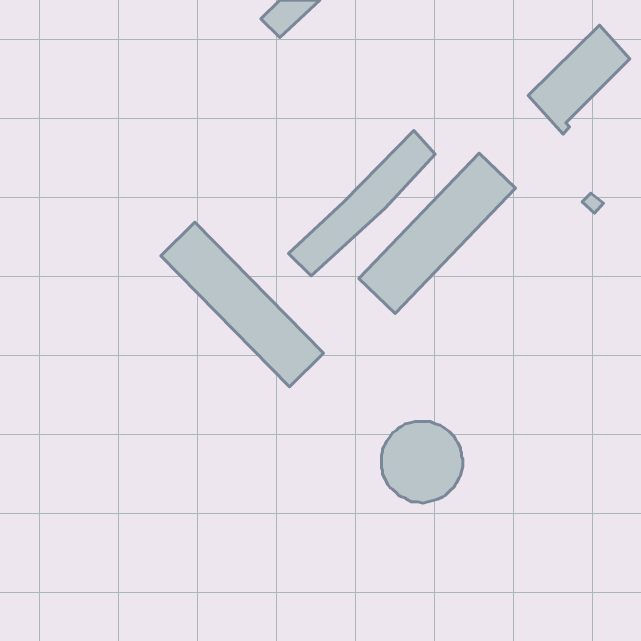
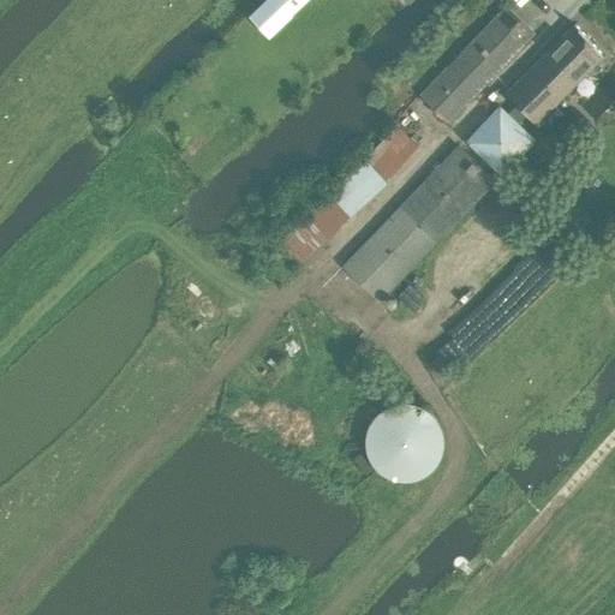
building: none -> [420,6,536,123]
building: none -> [464,105,536,175]
building: [161,222,323,387] -> none

